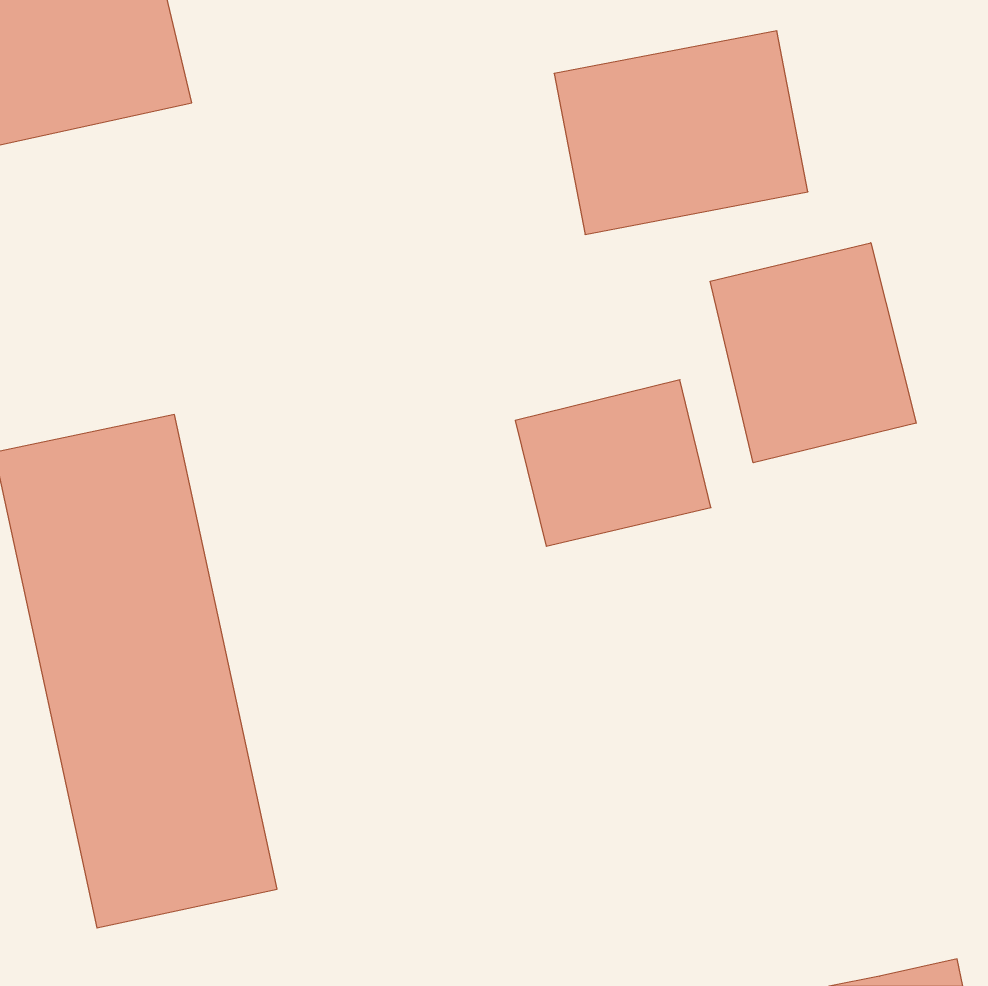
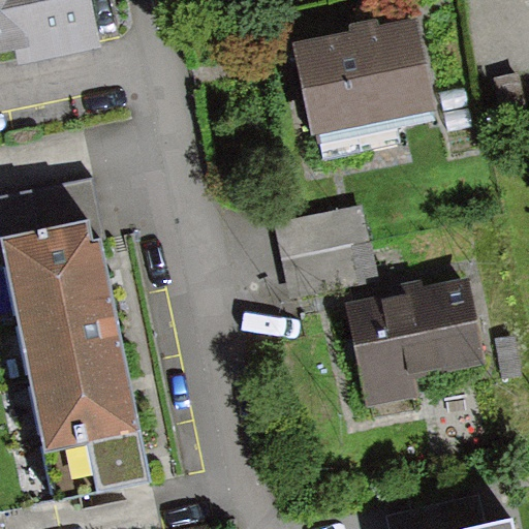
building: [710,243,916,463] -> none
building: none -> [344,280,481,410]

